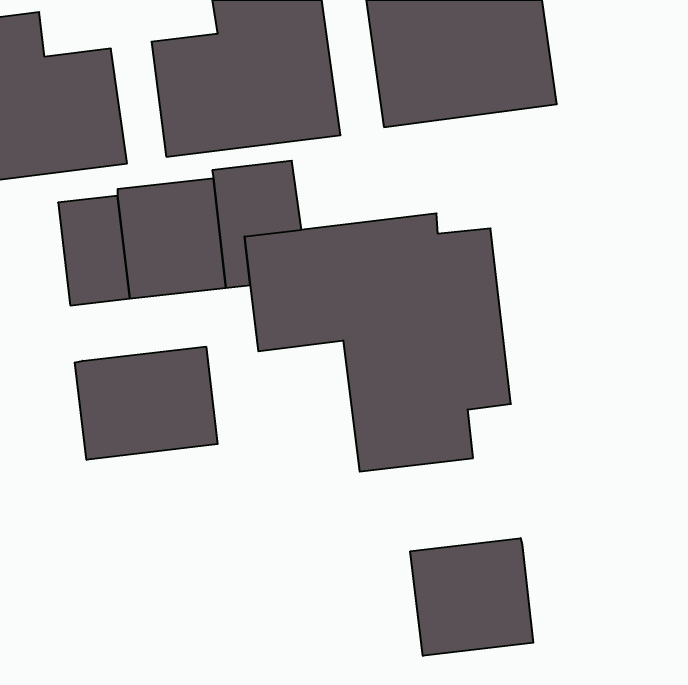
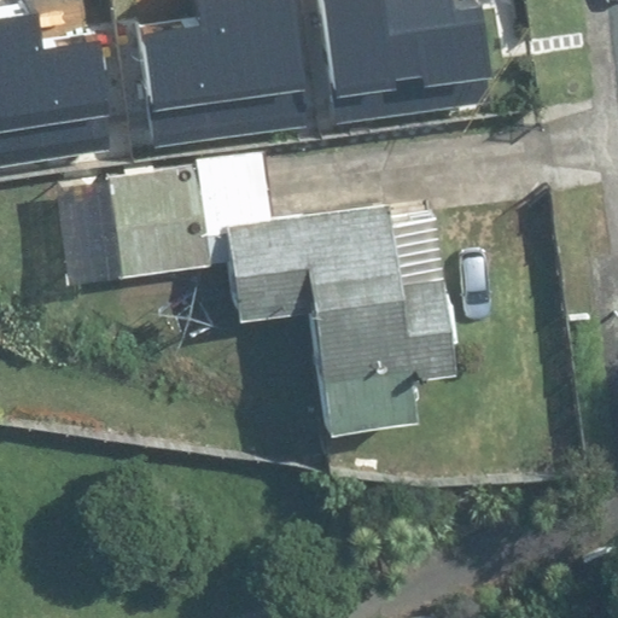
building: [75,347,218,460] -> none
building: [410,538,533,656] -> none

